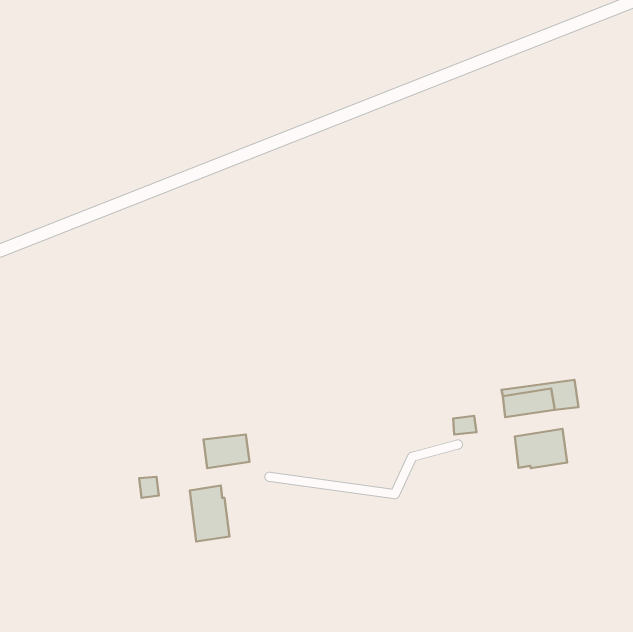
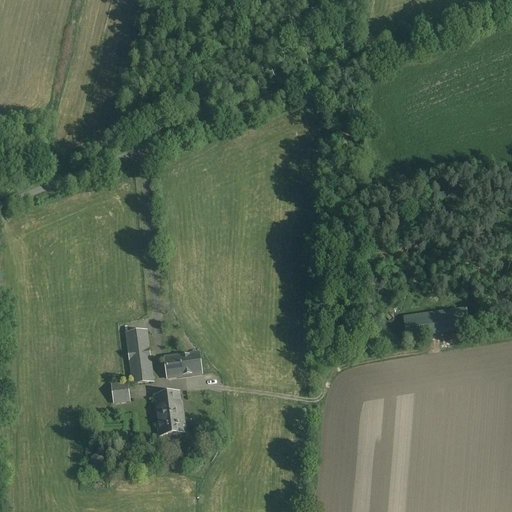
building: none -> [126,330,152,383]
building: [515,429,567,468] -> none

